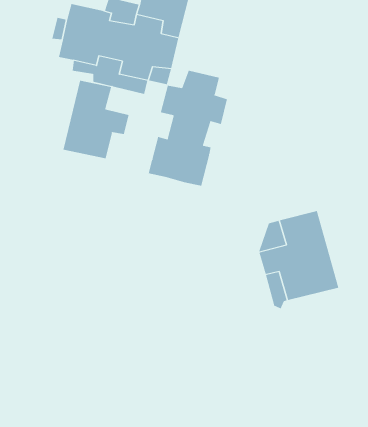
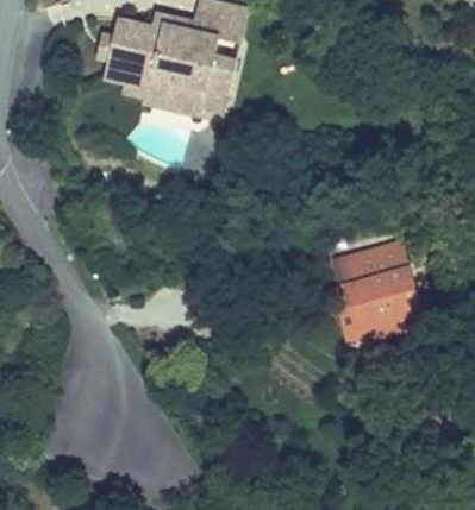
building: [148,70,227,186] -> none
building: [63,80,129,159] -> none

